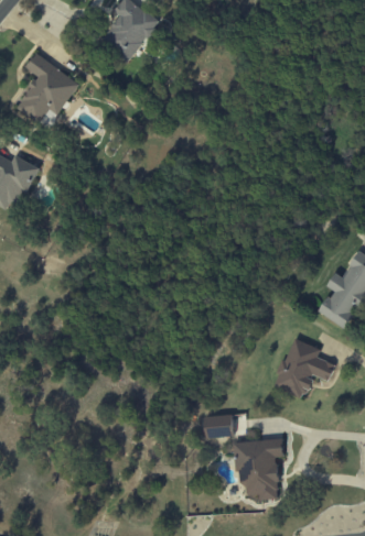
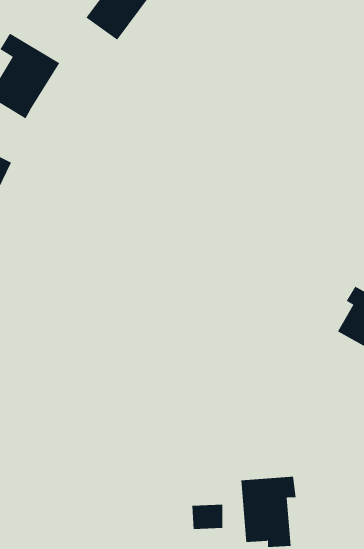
building: [273,337,334,396] -> none
building: [204,414,232,436] -> [191,504,223,529]

